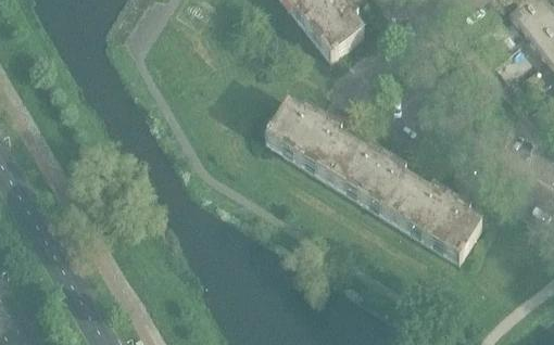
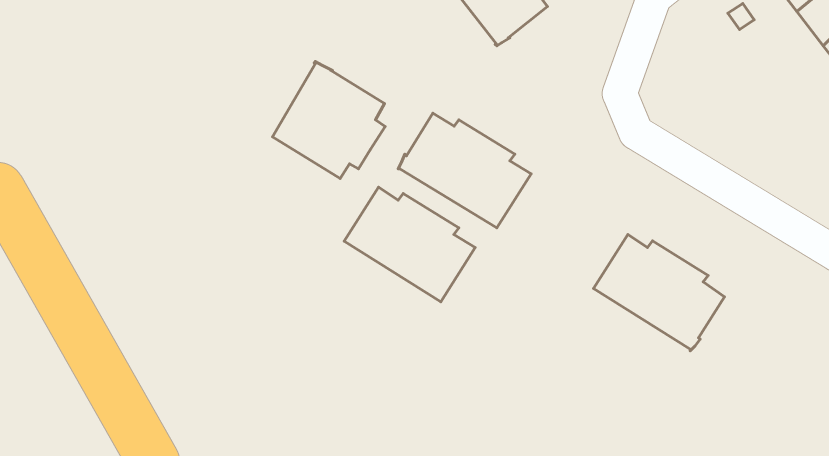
building: none -> [272,61,385,179]
building: [330,142,417,218] -> [344,187,475,302]

